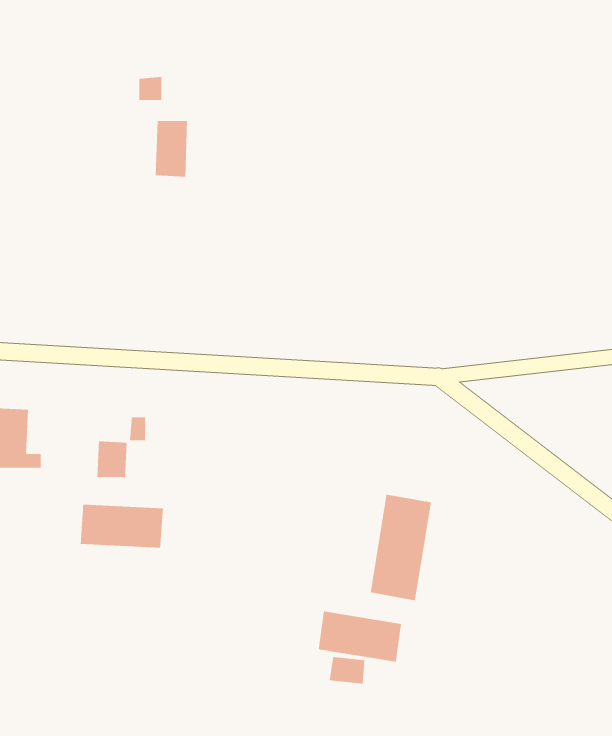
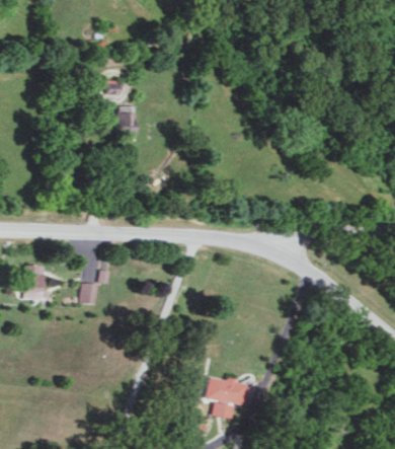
building: [370,494,431,601] -> none
building: [80,504,163,548] -> none

